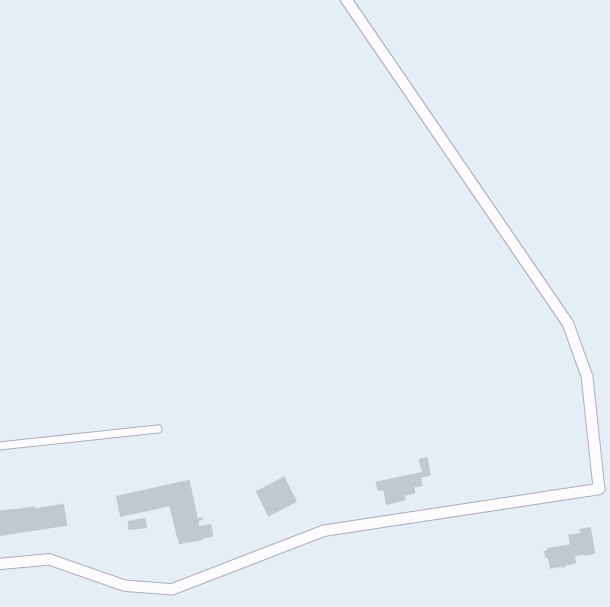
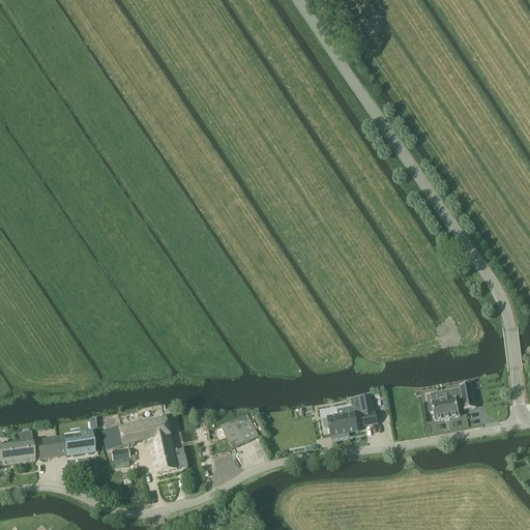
building: none -> [56,431,93,455]
building: [542,526,596,569] -> [428,382,474,419]

